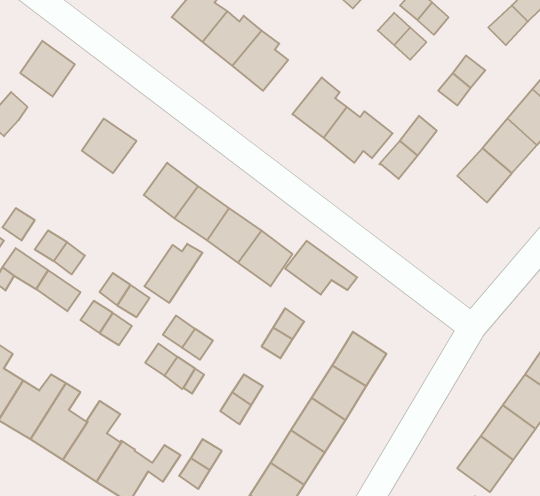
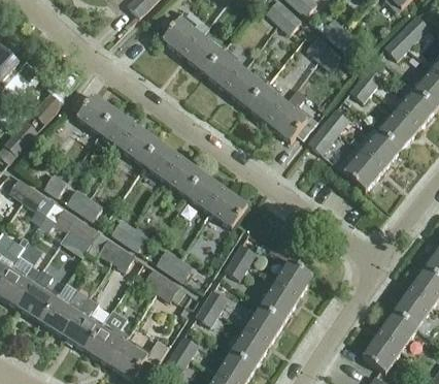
building: [20,41,75,97] -> [76,94,114,133]
building: none -> [226,69,267,107]
building: none -> [121,126,159,164]
building: none -> [343,151,382,190]
building: [285,241,357,295] -> none
building: [144,244,202,303] -> none

